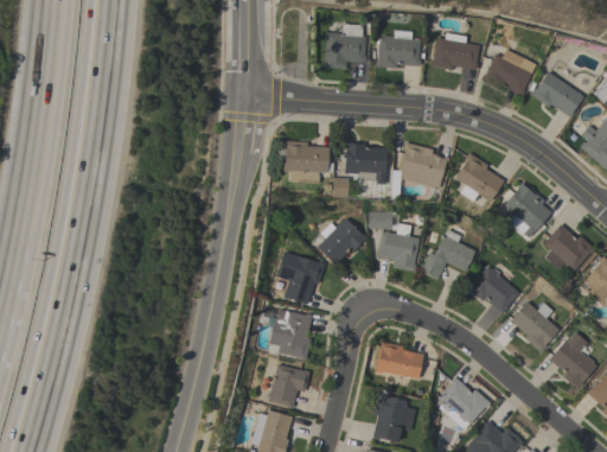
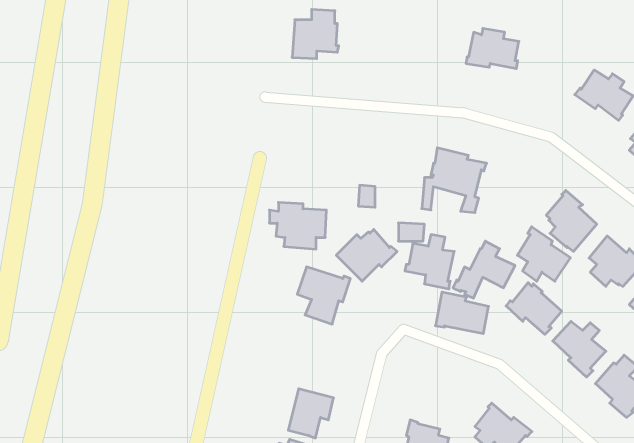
building: [324,23,366,68] -> [292,9,339,59]
building: [376,30,420,68] -> none
building: [480,51,533,96] -> none
building: [276,140,328,183] -> [269,202,326,249]
building: [344,141,386,184] -> none
building: [455,152,504,202] -> [517,227,570,281]
building: [261,306,312,361] -> none
building: [375,340,423,378] -> [435,292,489,334]

